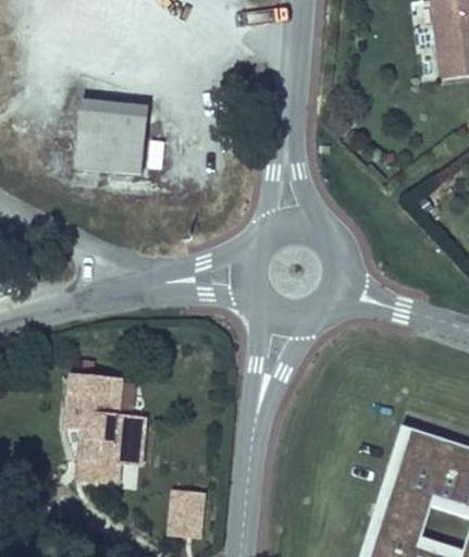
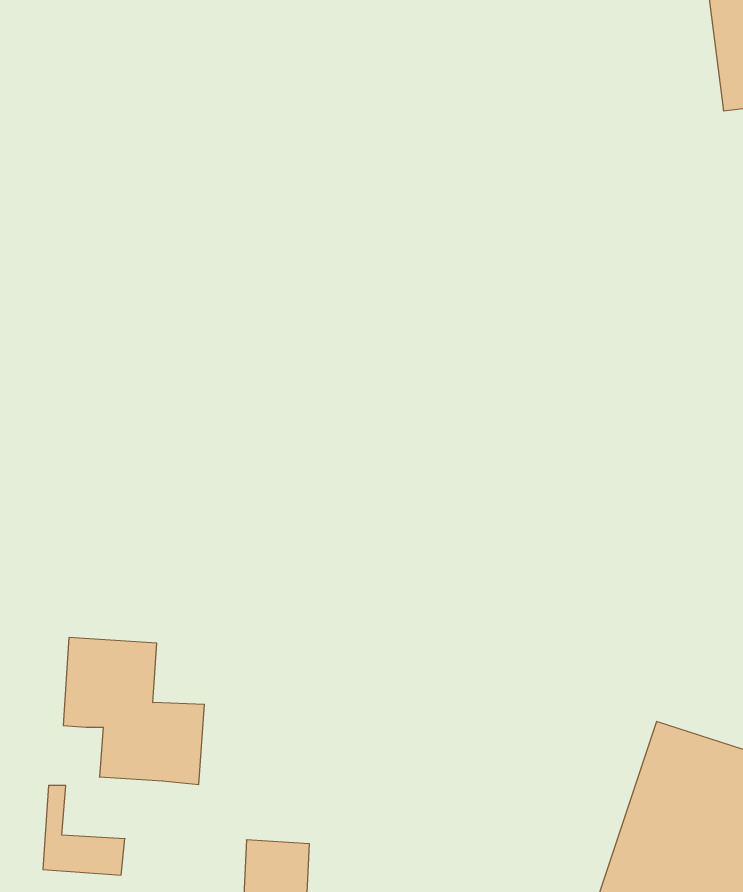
building: [75,99,149,174] -> none
building: [75,429,122,480] -> [43,785,125,875]

